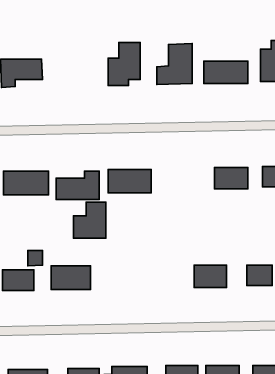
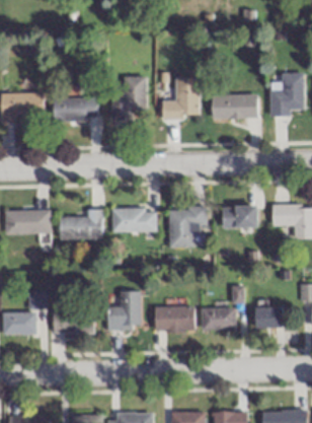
building: none -> [54,96,98,121]
building: none -> [169,206,207,246]
building: [73,202,106,238] -> [107,291,141,329]
building: none -> [155,305,194,330]

